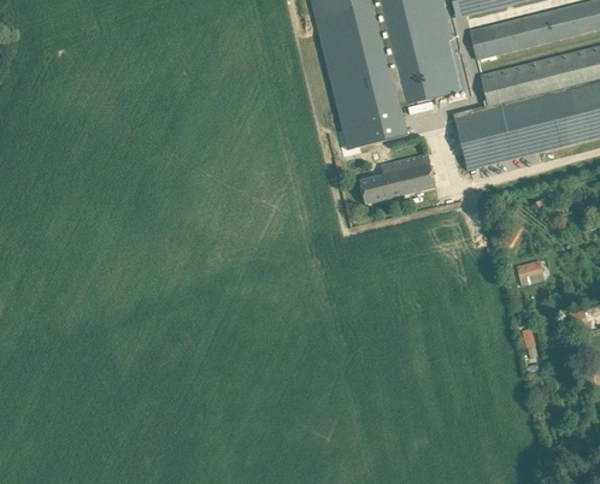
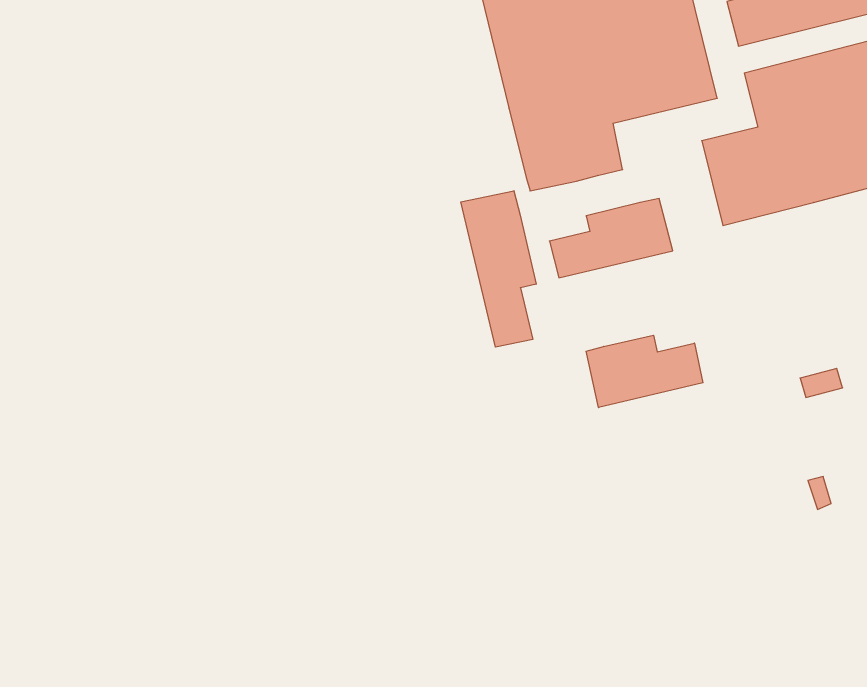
building: none -> [461,191,536,347]
building: none -> [586,335,703,408]

